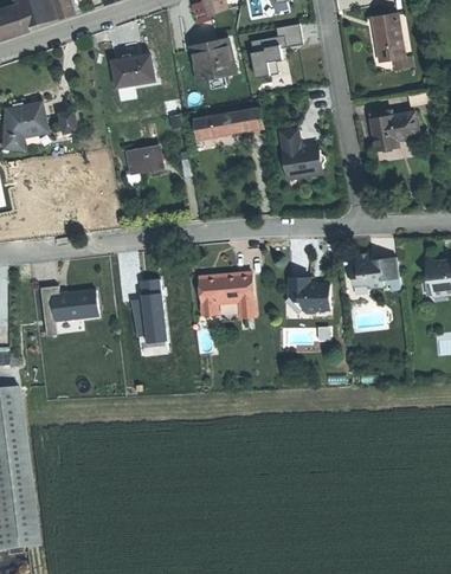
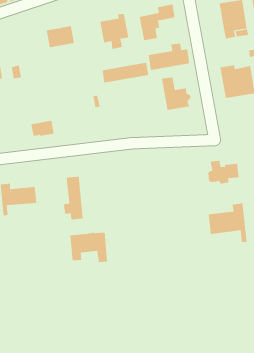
building: none -> [148,43,190,71]
building: [125,146,161,169] -> [31,120,55,136]
building: [198,271,255,316] -> [69,232,108,262]
building: [288,276,329,311] -> none
building: none -> [208,202,247,243]

